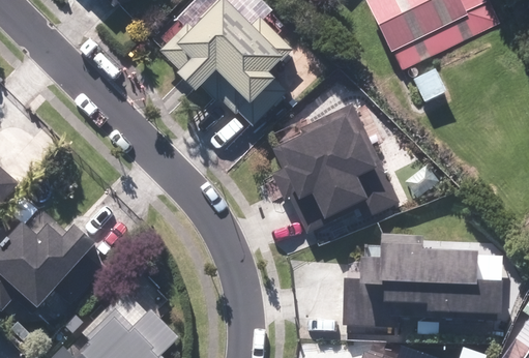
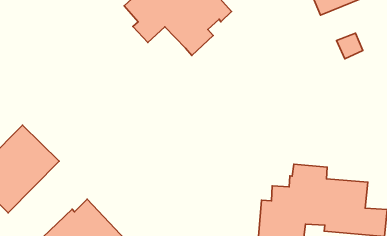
building: [268,105,396,231] -> none

